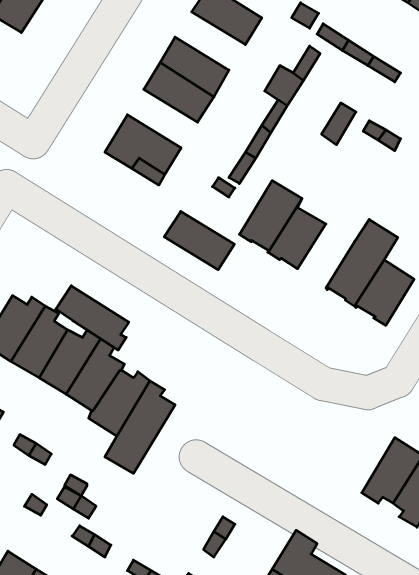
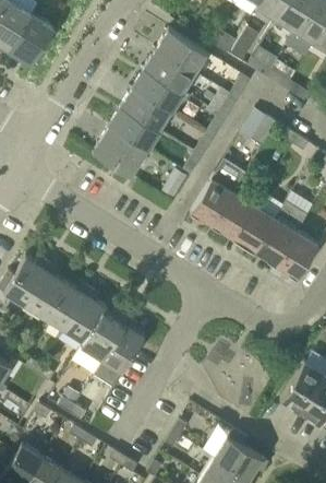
building: none -> [144,49,195,92]
building: [164,211,234,270] -> [109,106,160,149]
building: none -> [232,204,275,251]
building: [56,286,129,350] -> none

